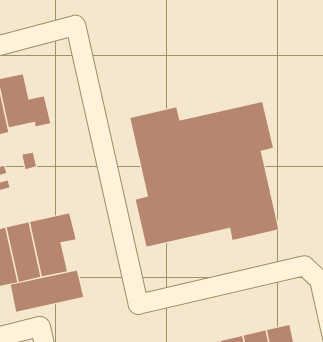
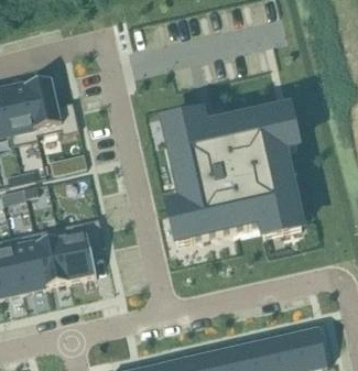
building: [10,270,84,313] -> none

